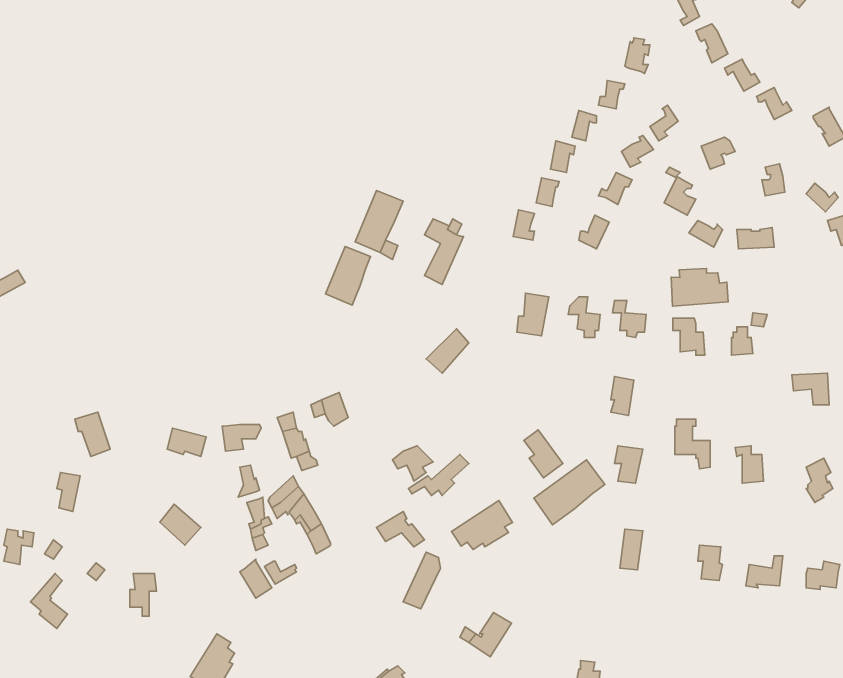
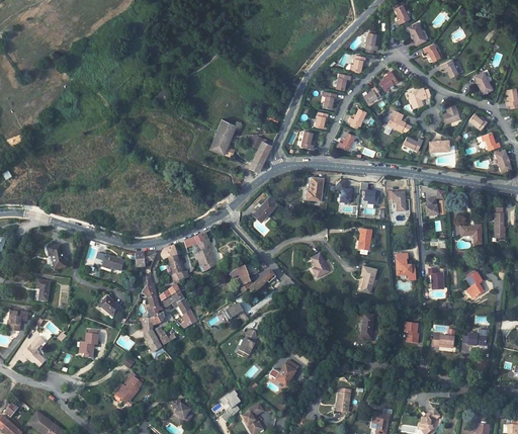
building: [325,246,370,305] -> none
building: [671,269,728,306] -> none
building: none -> [196,232,217,270]
building: [534,460,605,525] -> none
building: [452,500,512,549] -> none

